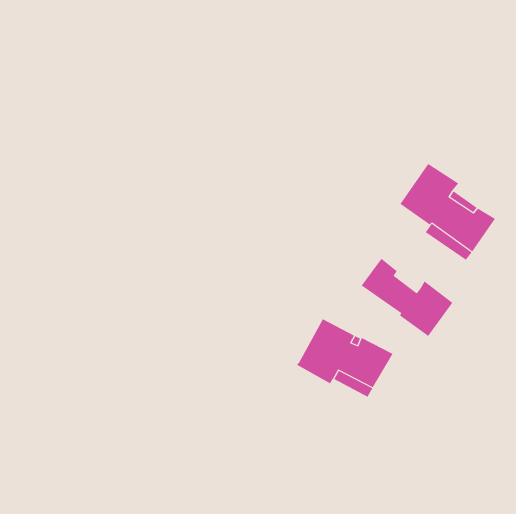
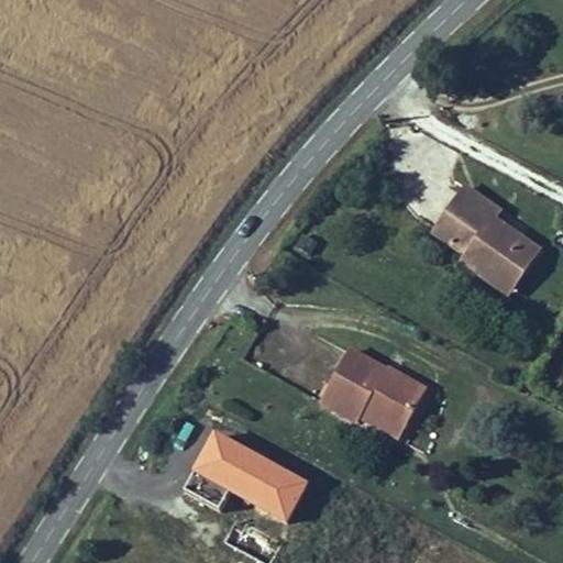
building: [361,258,453,337] -> none
building: none -> [188,440,307,533]

